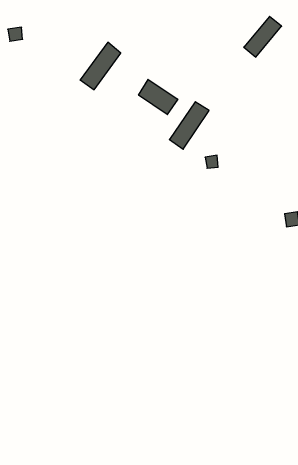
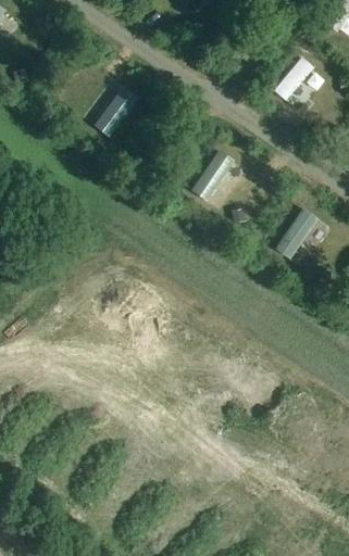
building: [139,79,178,115] -> none
building: none -> [274,208,319,261]

